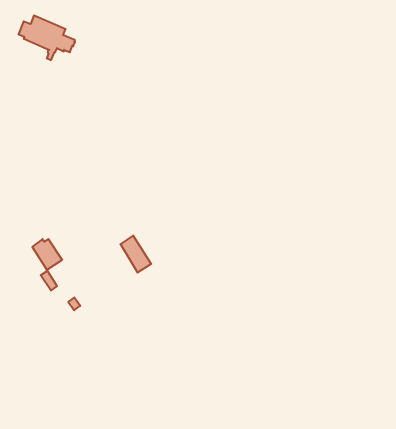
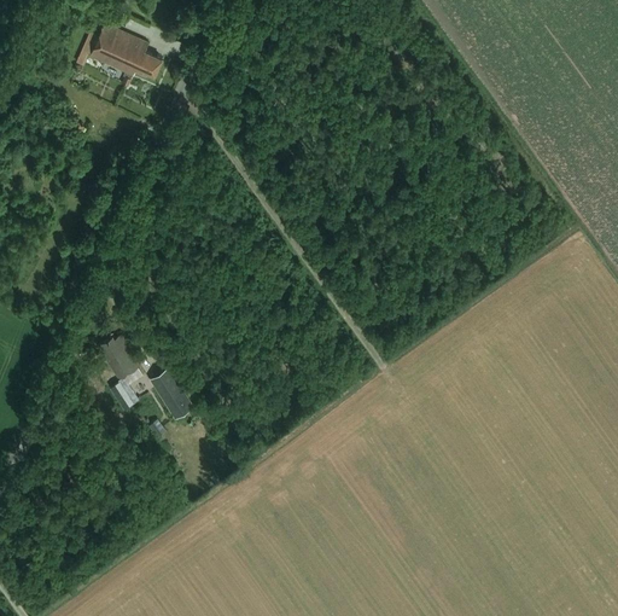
building: [120,236,151,273] -> [152,368,196,420]

